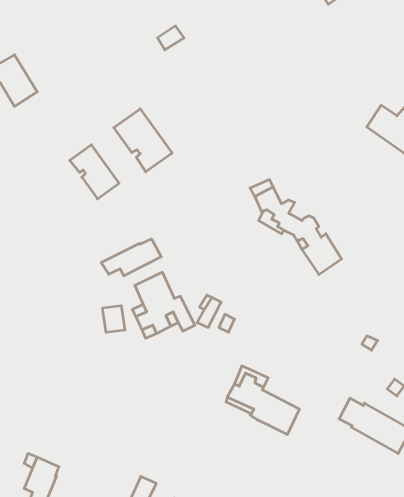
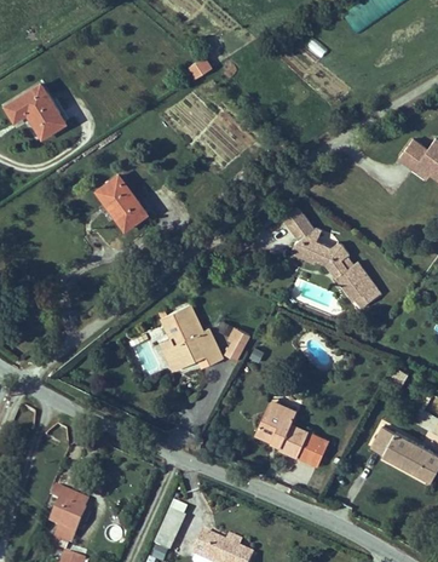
building: [114,109,172,172] -> none
building: [101,239,161,276] -> none

